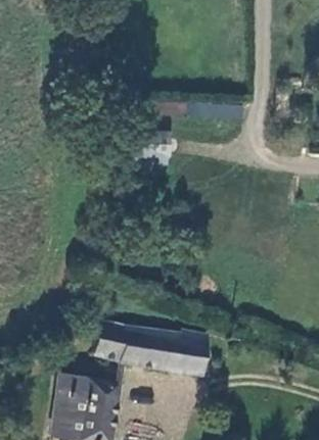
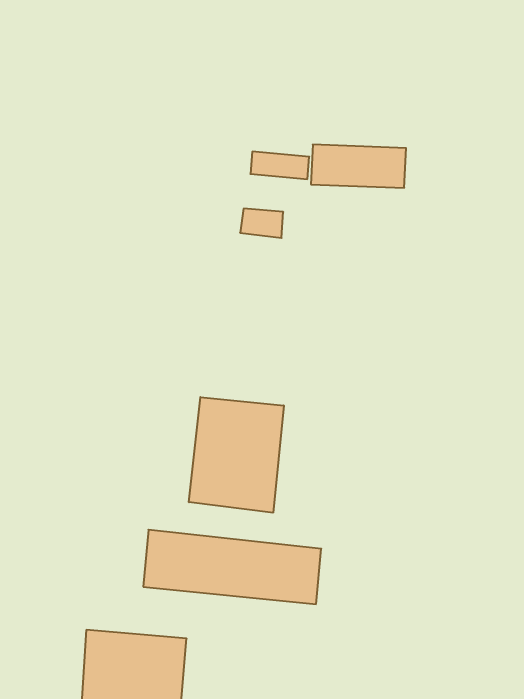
building: none -> [189,397,284,513]

